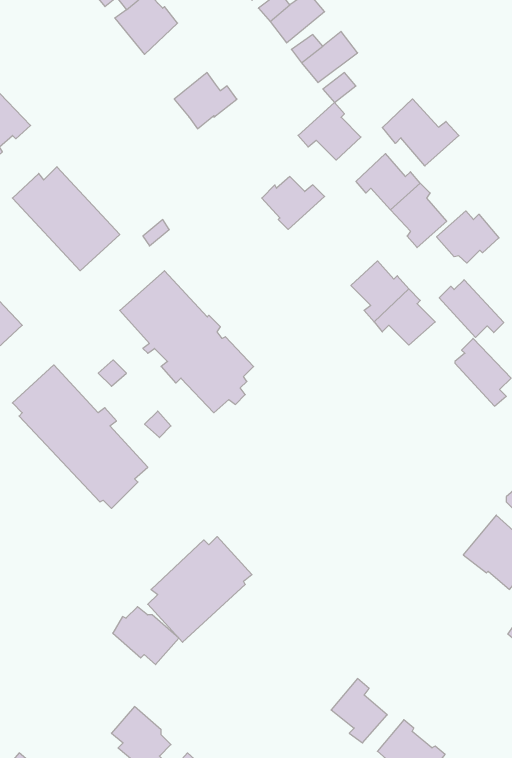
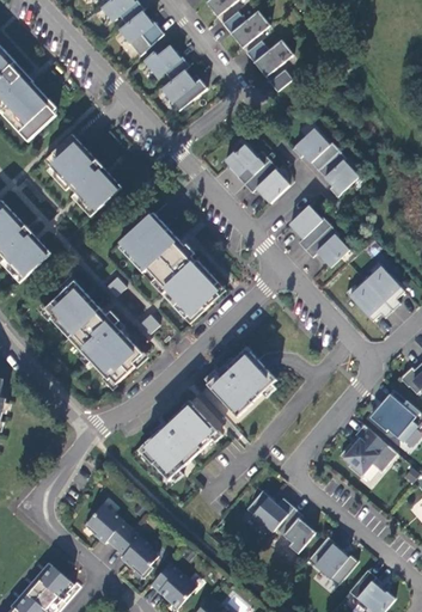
building: none -> [142,45,189,80]
building: [382,99,459,166] -> none
building: [298,102,361,160] -> [243,159,288,201]
building: [437,211,499,263] -> none
building: [439,280,504,337] -> [345,280,392,322]
building: none -> [206,351,276,418]
building: none -> [338,426,397,478]
building: [113,607,179,665] -> [84,506,132,547]
building: none -> [245,491,293,533]

